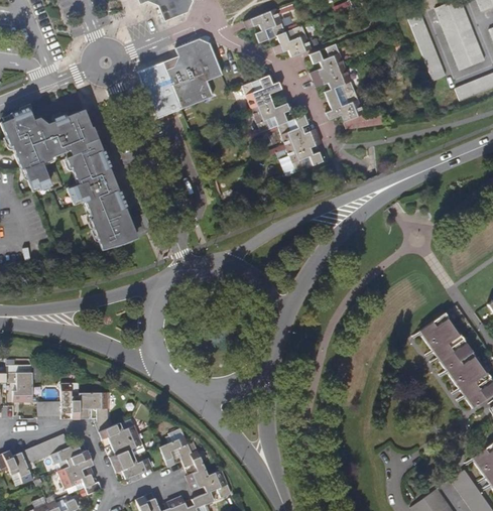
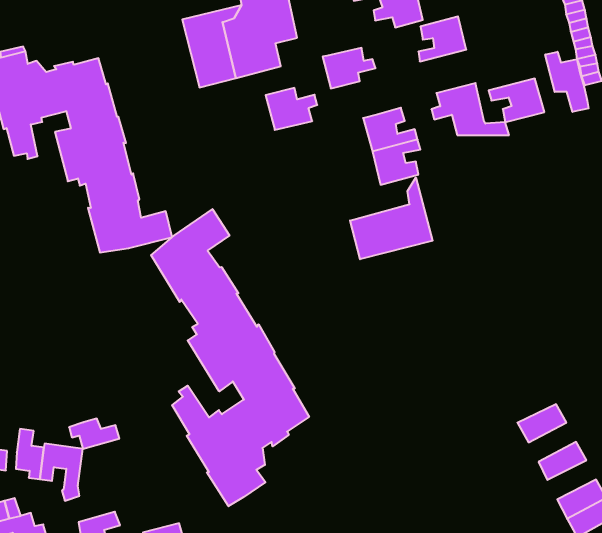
building: none -> [545,52,589,112]
building: [313,67,355,101] -> [489,79,544,122]
building: [251,100,289,132] -> [266,88,317,130]
building: none -> [350,178,433,259]
building: none -> [151,209,309,506]
building: [428,326,463,357] -> none
building: [446,351,481,382] -> none
building: [100,422,137,445] -> [69,419,119,449]

